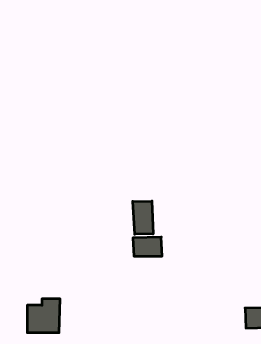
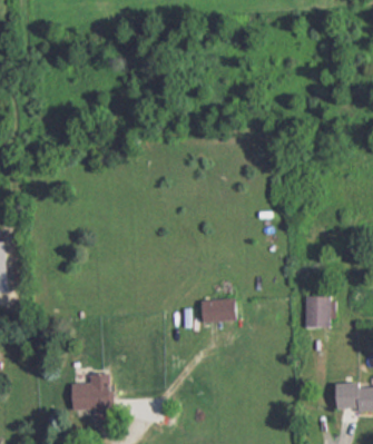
building: [133,201,153,234] -> none
building: none -> [303,295,328,326]

